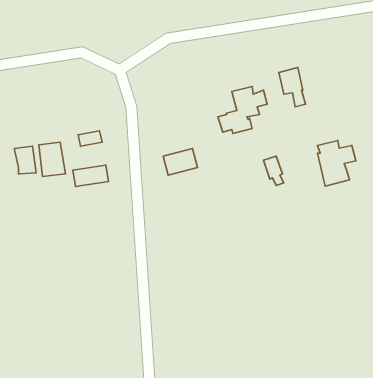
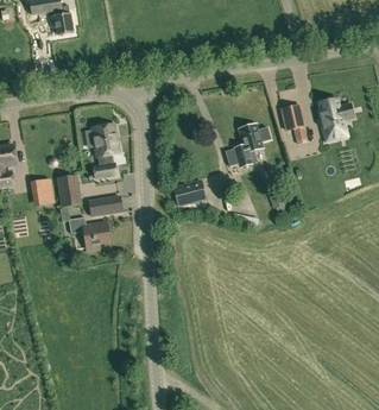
building: none -> [94,124,118,157]
building: [318,141,356,186] -> [318,99,354,141]
building: none -> [69,216,110,250]

